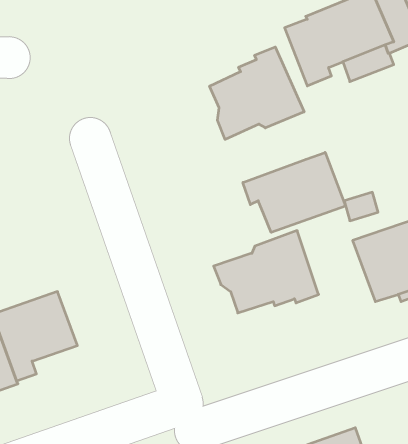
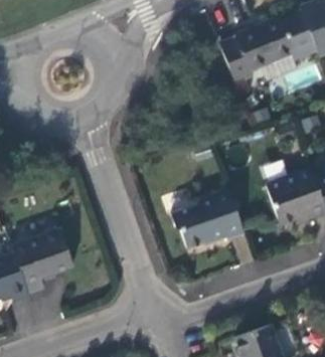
building: [210,47,304,139] -> none
building: [243,152,346,232] -> none

